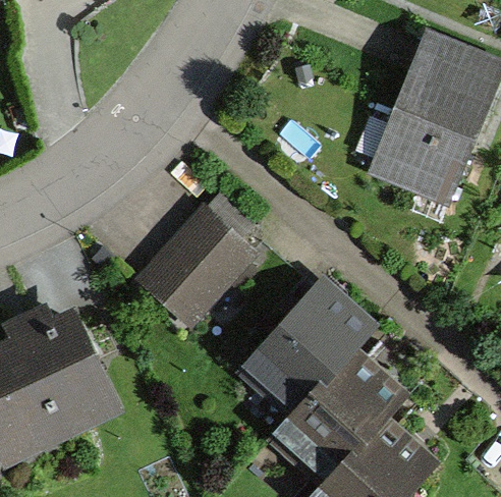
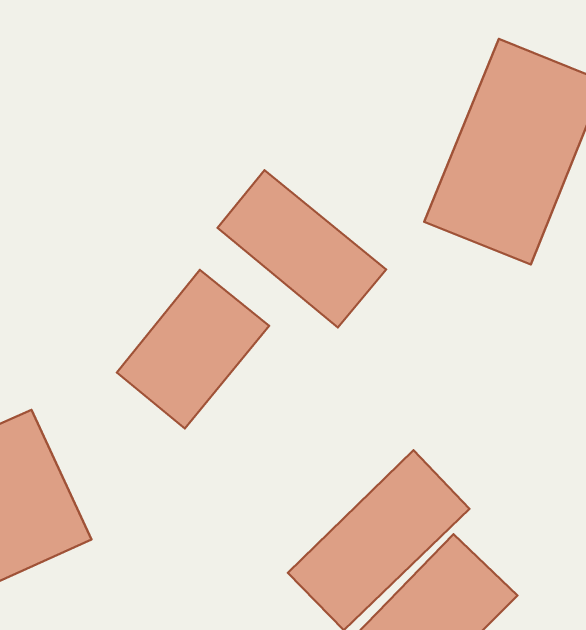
building: none -> [218,170,386,327]
building: [231,274,374,416] -> none

